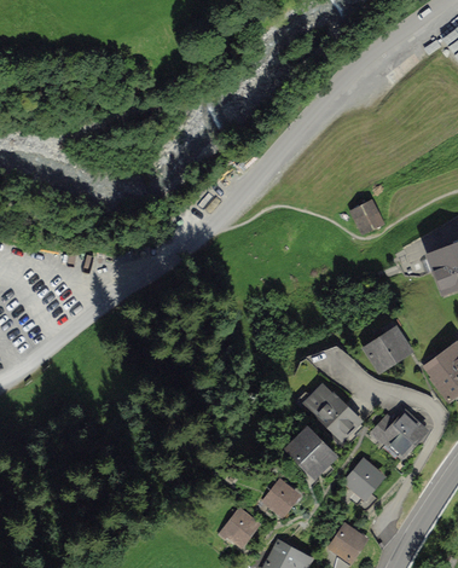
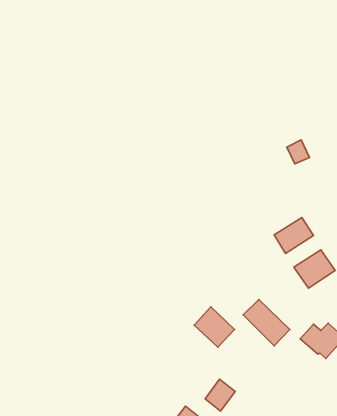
building: none -> [274,218,313,254]
building: [285,428,332,475] -> [194,307,234,347]
building: [346,460,382,498] -> none

